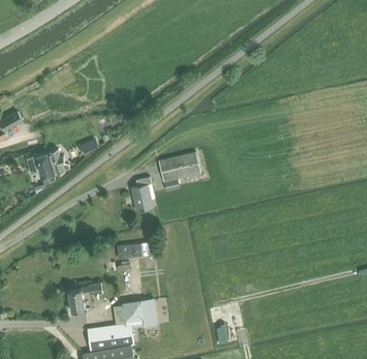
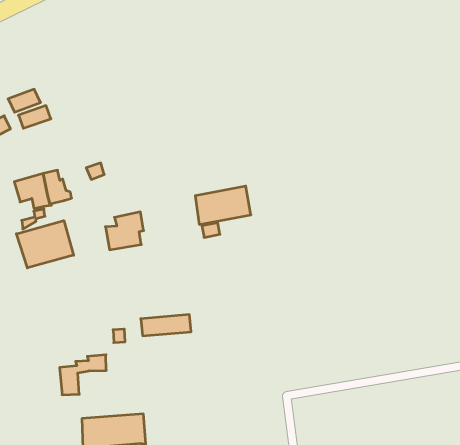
building: [131,179,159,208] -> [105,212,144,250]
building: none -> [16,221,74,268]
building: [112,298,156,325] -> none

